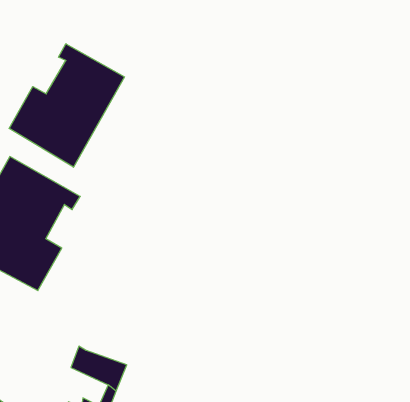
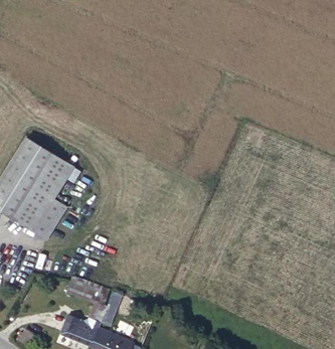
building: [9,44,124,167] -> none

